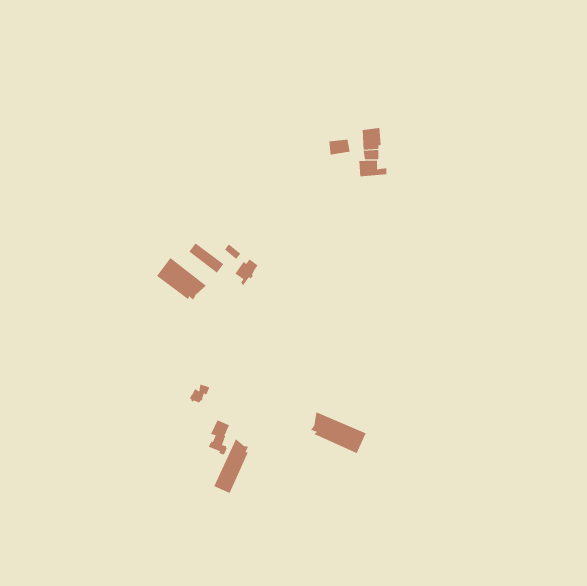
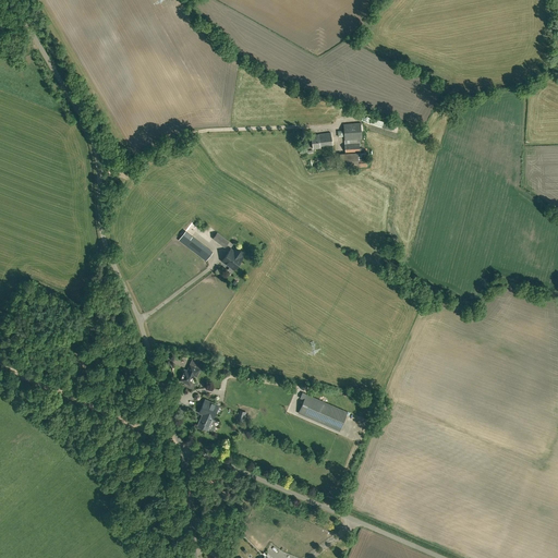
building: [156,257,207,300] -> none
building: [213,438,249,494] -> none

